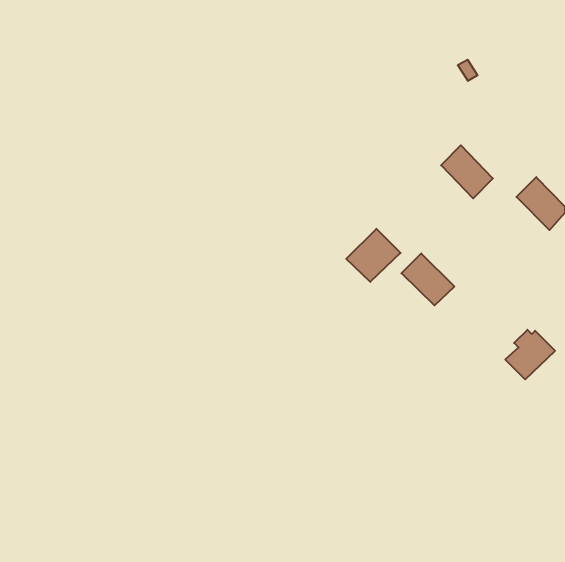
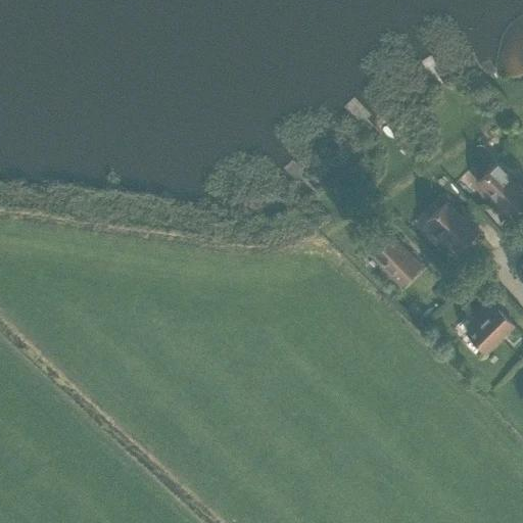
building: [441,145,493,198] -> [427,204,475,253]
building: [346,229,401,282] -> none

